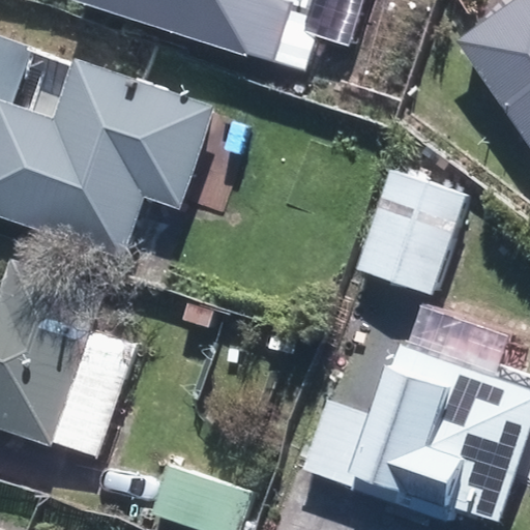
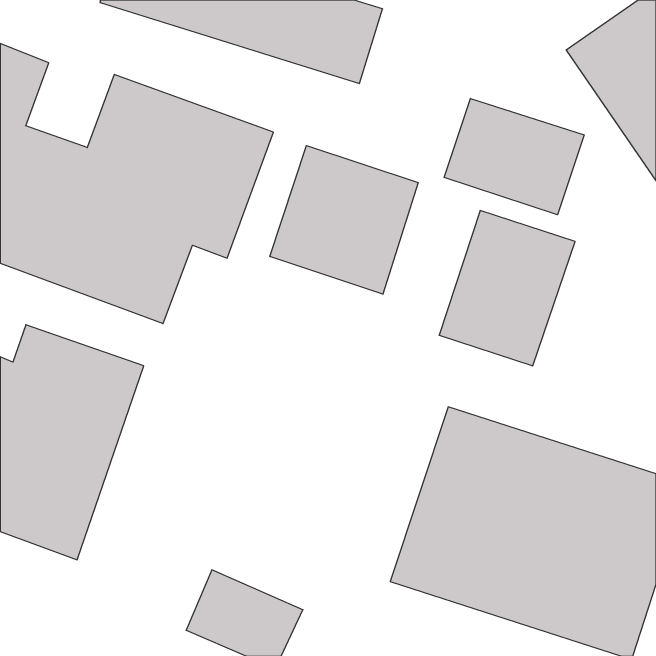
building: none -> [444,98,584,215]
building: none -> [270,146,418,294]

